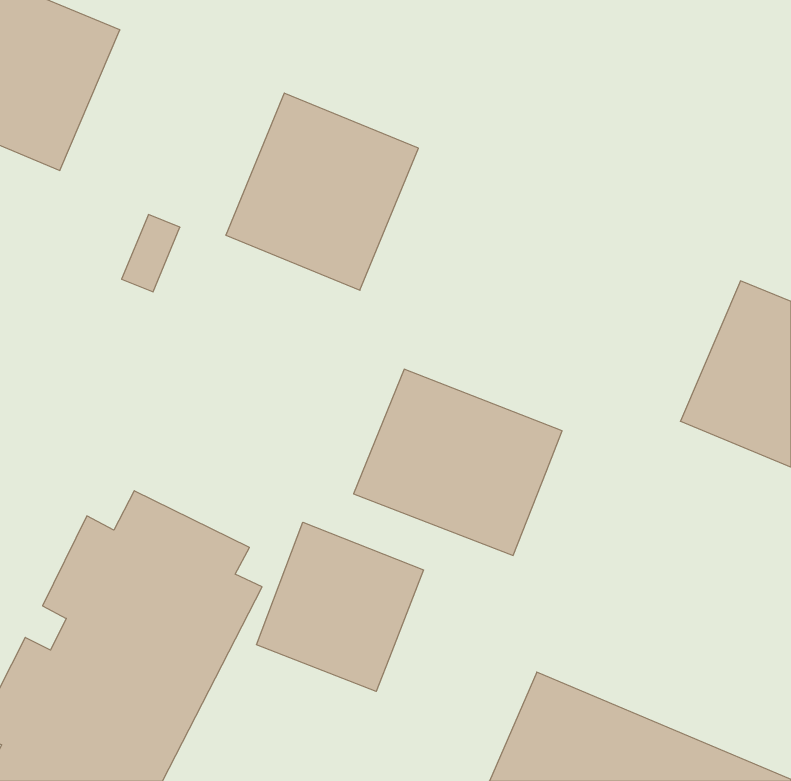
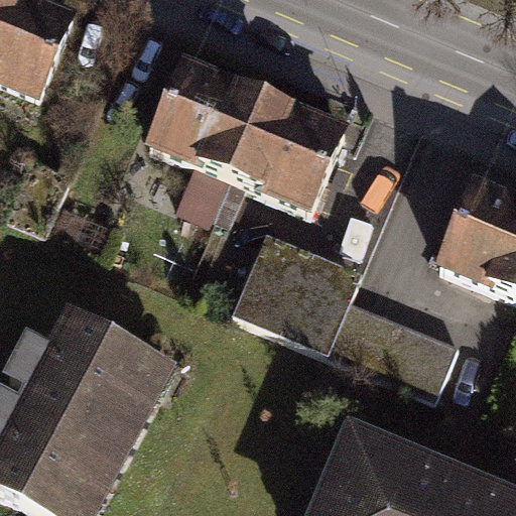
building: none -> [230,95,353,221]
building: none -> [328,301,449,394]
building: [257,522,423,691] -> none

